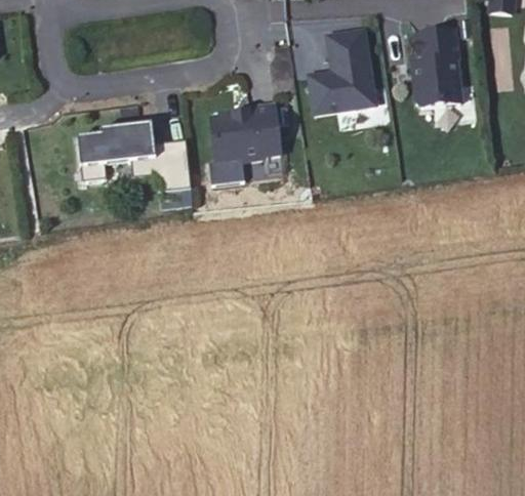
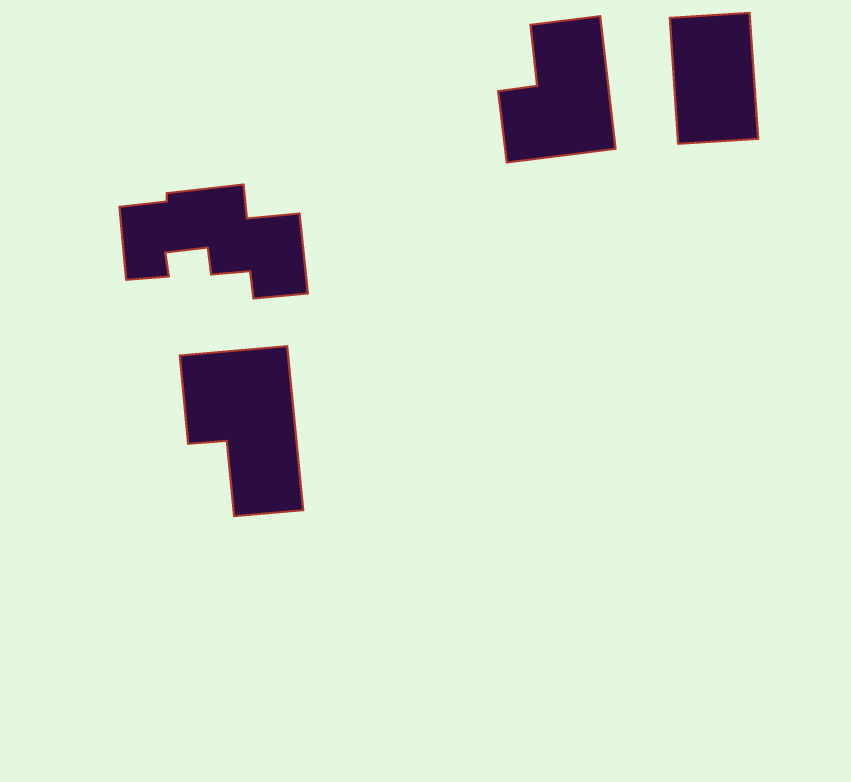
building: [209,111,280,167] -> none
building: none -> [180,346,303,516]

